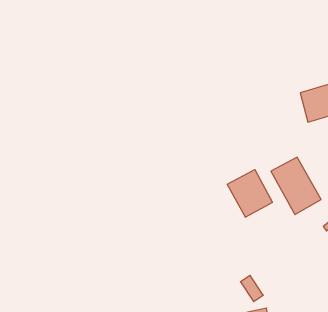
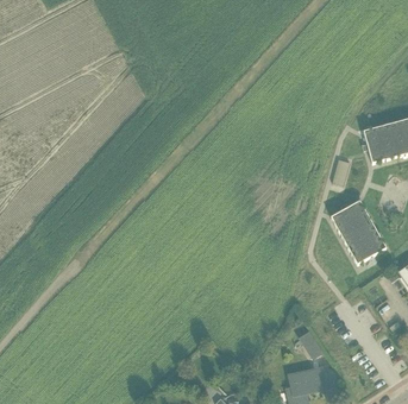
building: [227,170,272,217] -> none

